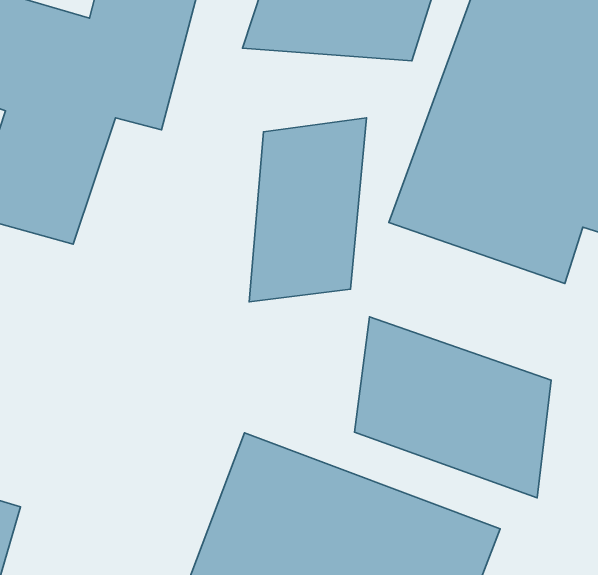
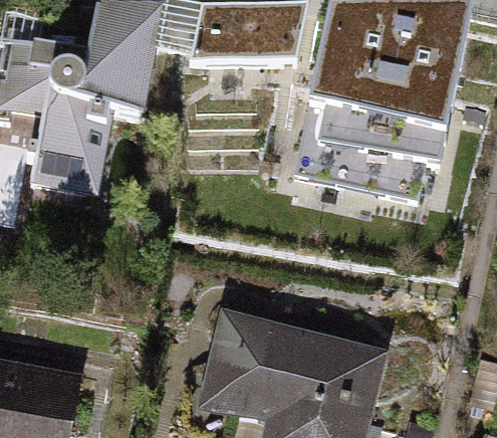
building: [249,118,367,302] -> none
building: [354,317,551,498] -> none

